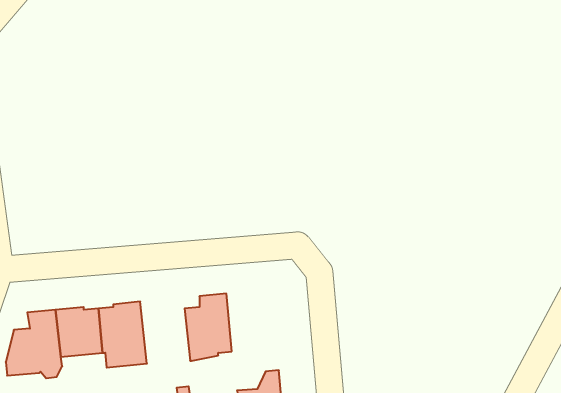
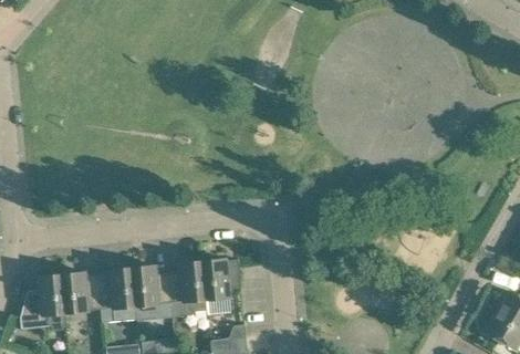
building: none -> [200,259,240,309]
building: none -> [129,266,170,319]

